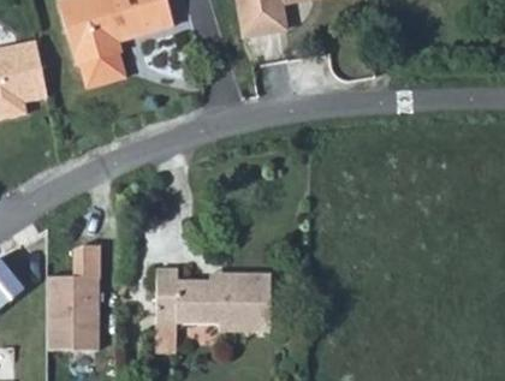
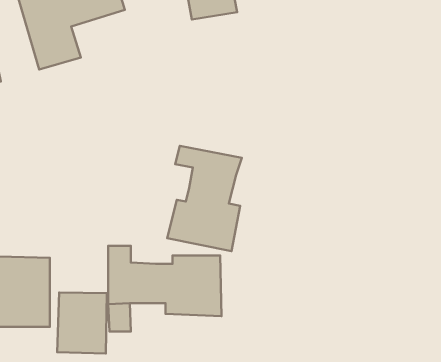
building: none -> [167,146,242,251]
building: none -> [57,293,107,354]

